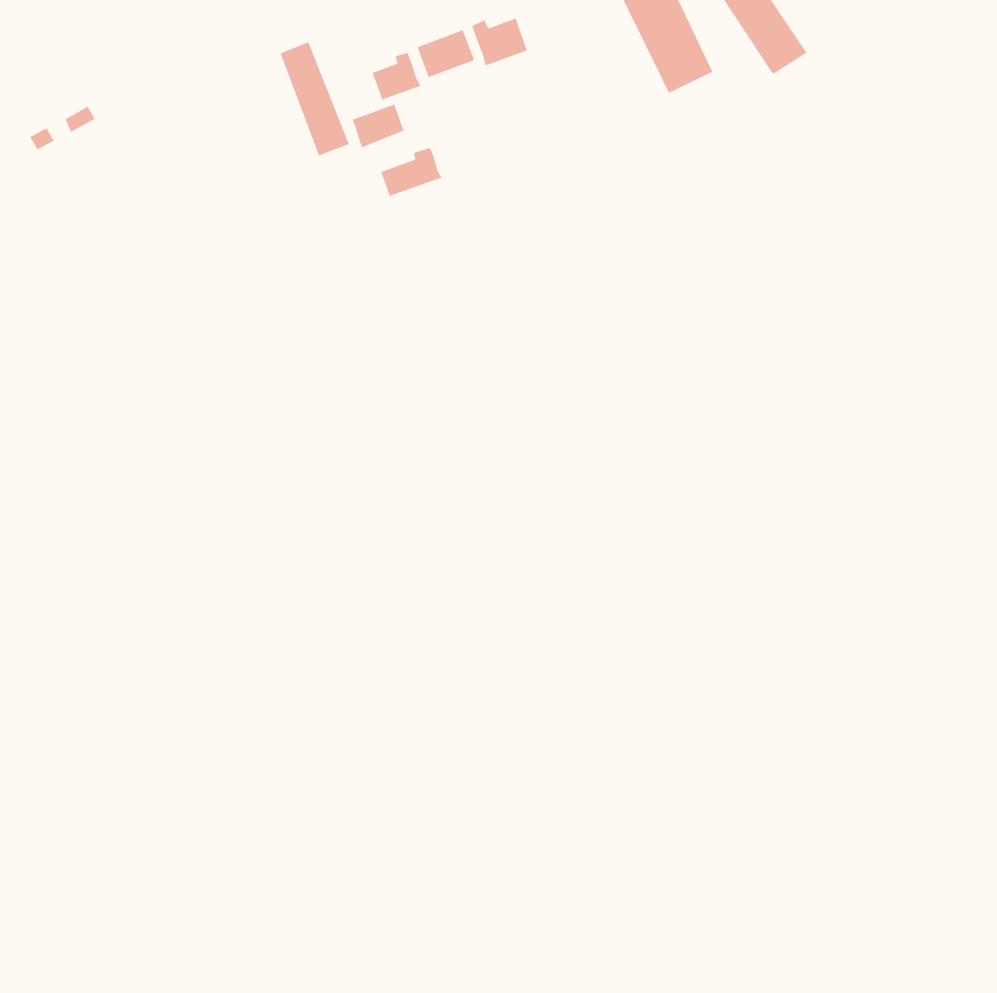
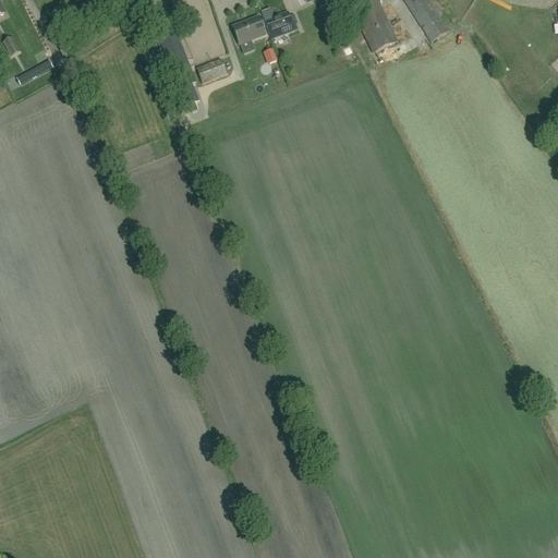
building: [371,52,422,101] -> none
building: [380,147,443,197] -> none

